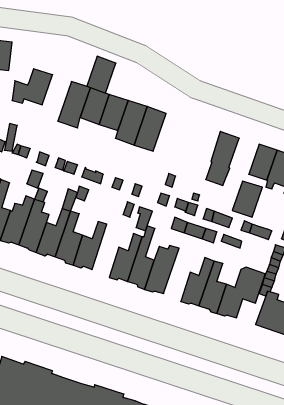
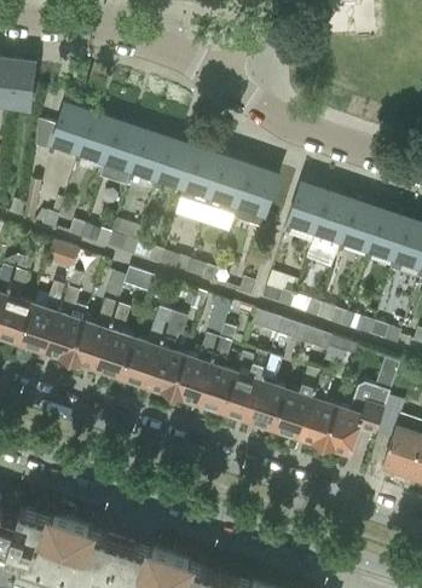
building: [87,56,116,93] -> [77,111,118,163]
building: none -> [237,166,278,217]
building: none -> [288,183,328,234]
building: [232,181,262,217] -> [340,201,382,252]
building: none -> [148,313,187,397]
building: none -> [248,356,285,431]

